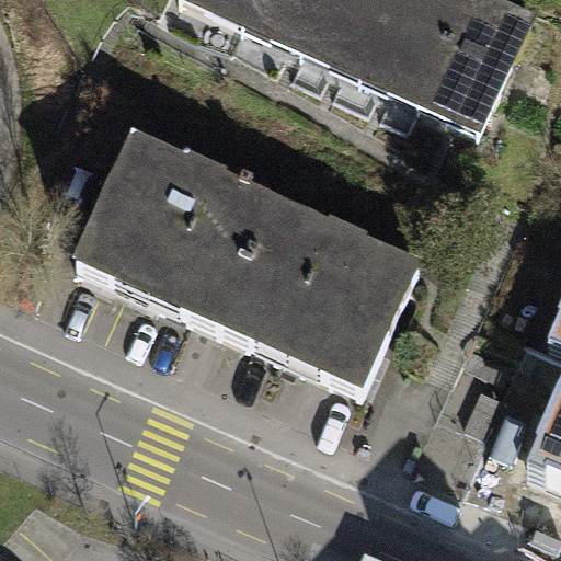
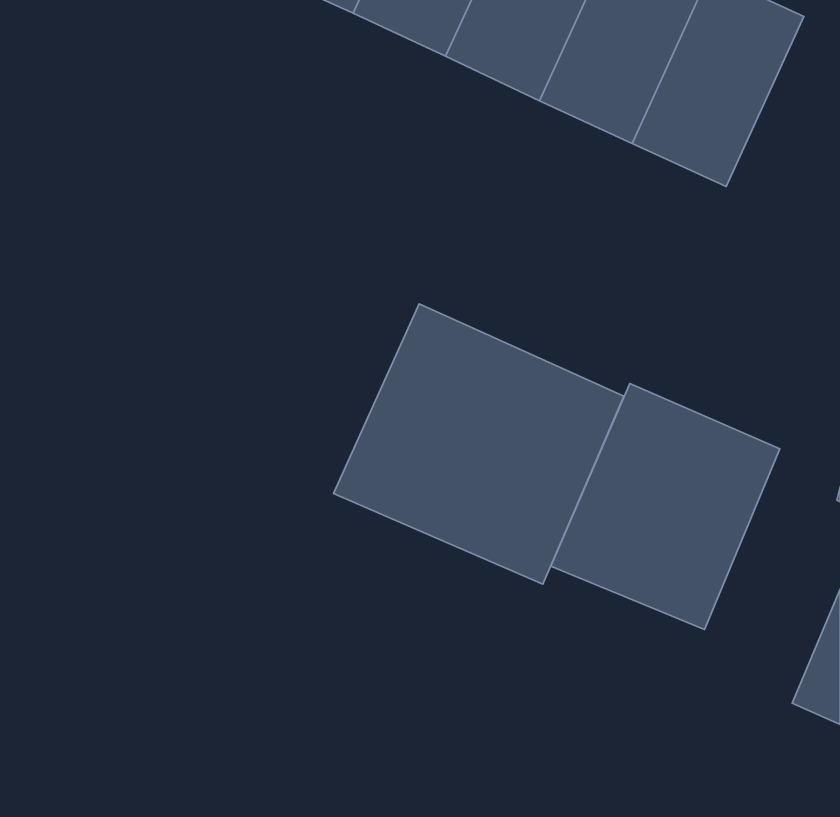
building: [79,138,278,328] -> none
building: none -> [551,383,780,630]

